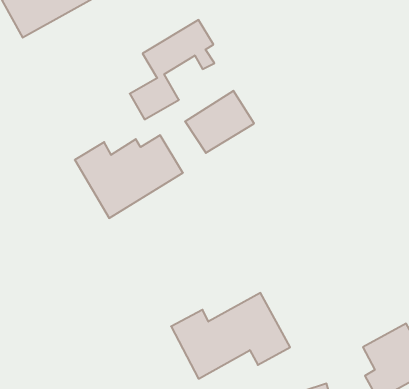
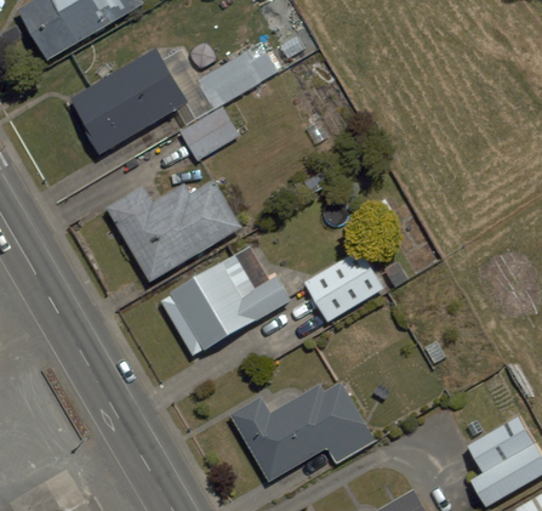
building: none -> [69,47,190,157]
building: [185,91,254,153] -> [301,246,386,323]
building: none -> [158,255,290,358]

